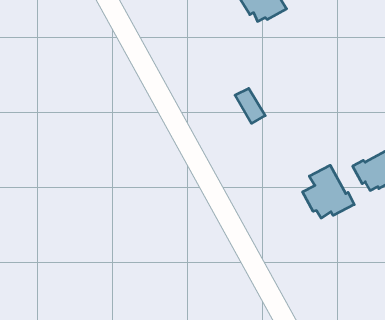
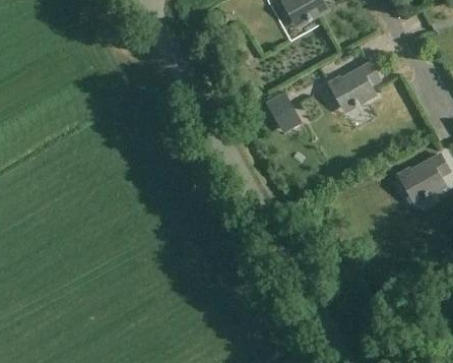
building: none -> [326,63,379,109]
building: [303,165,354,218] -> none

